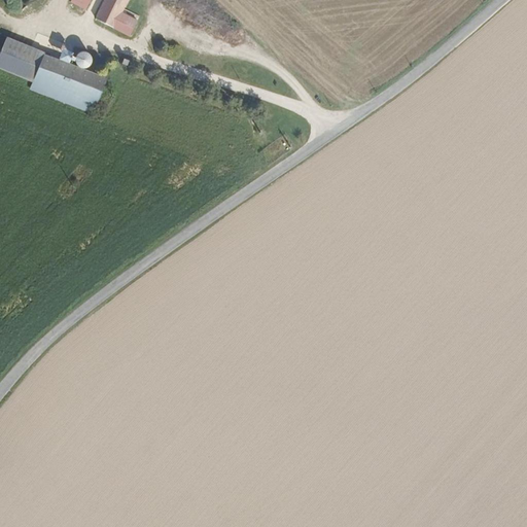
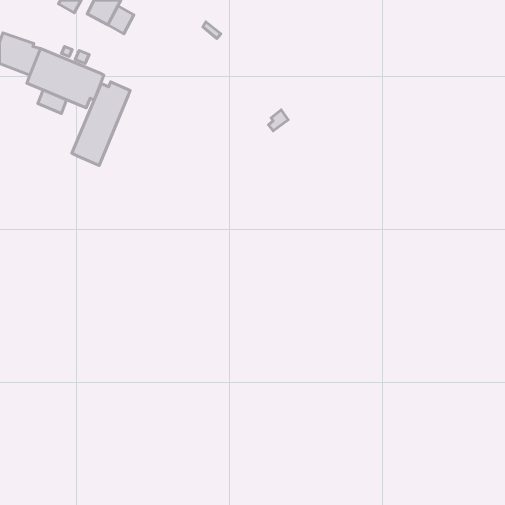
building: none -> [72,82,130,165]
building: none -> [38,90,66,113]

